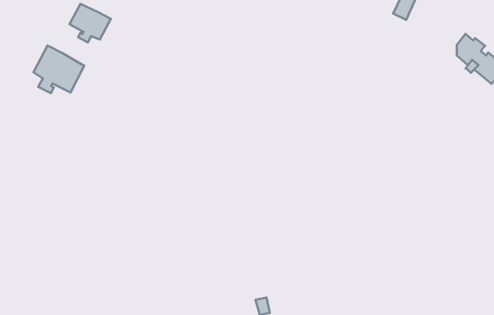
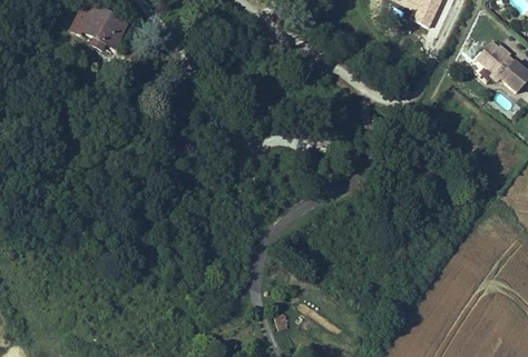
building: [33,45,84,93] -> none

